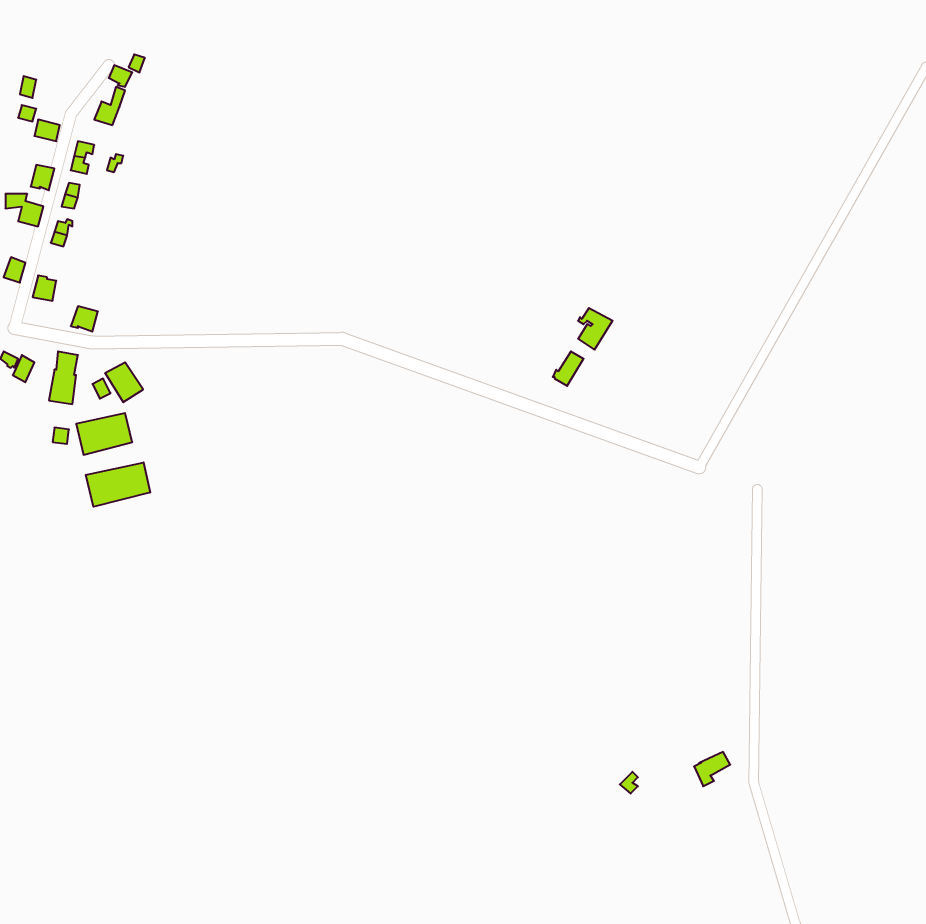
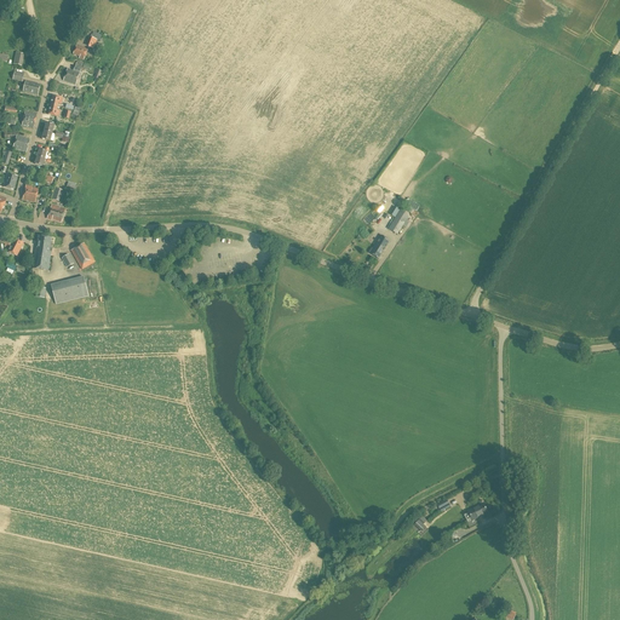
building: [86,462,150,507] -> none

